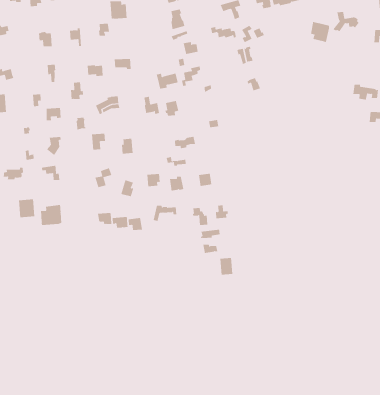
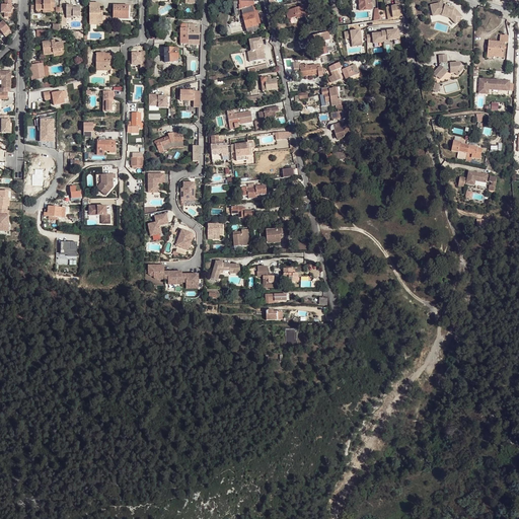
building: [311,21,330,43] -> none
building: [40,204,62,226] -> none

